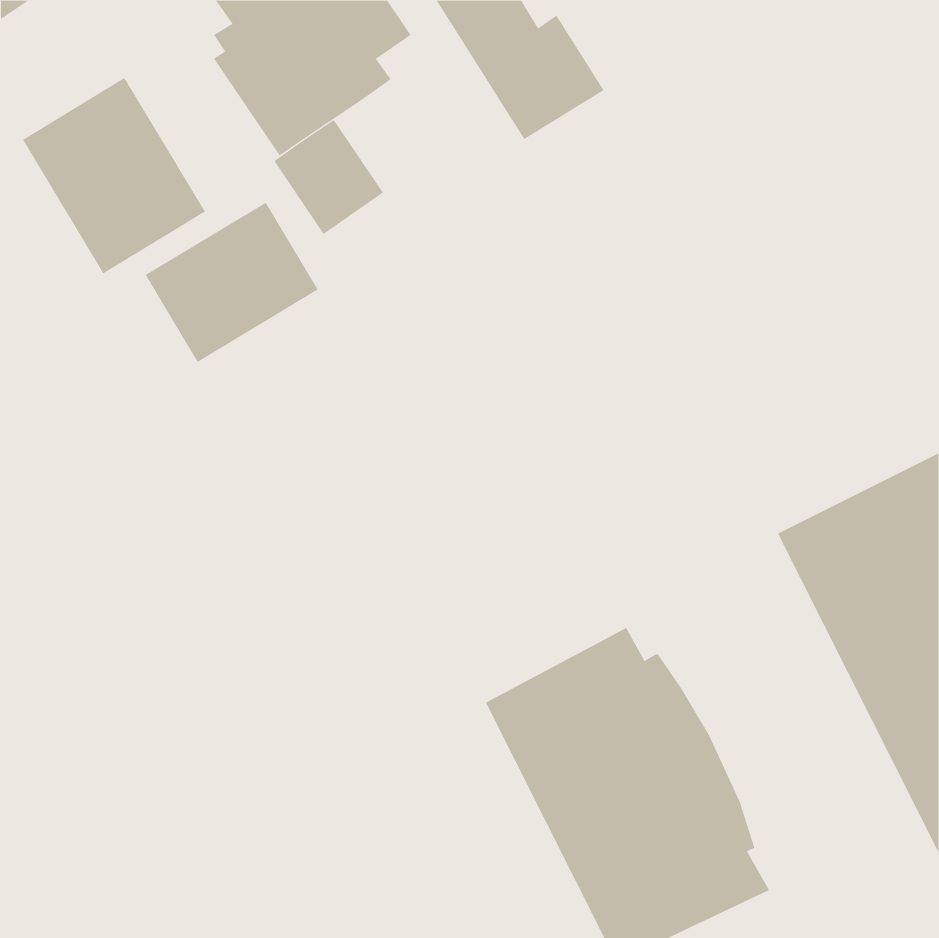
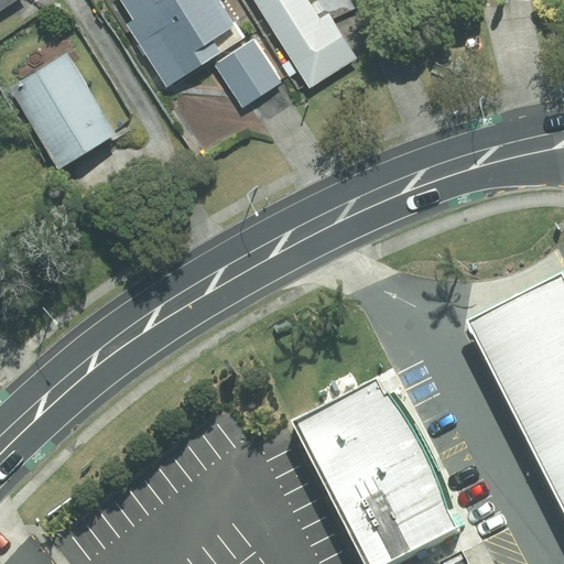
building: [273,119,384,235] -> [219,34,285,104]
building: [145,202,319,363] -> none

